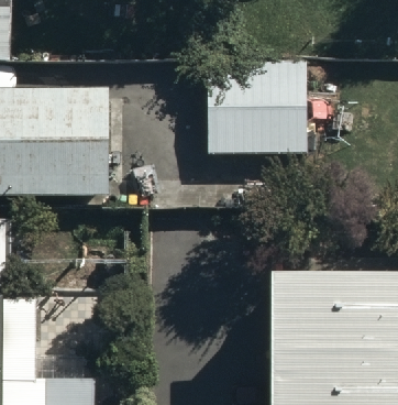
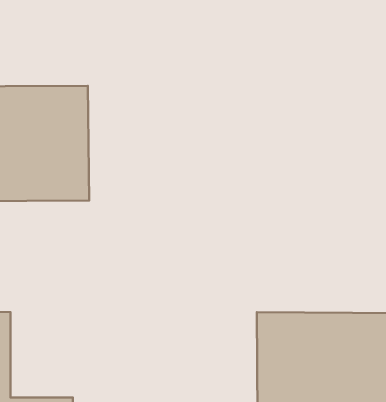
building: [207,64,303,146] -> none

